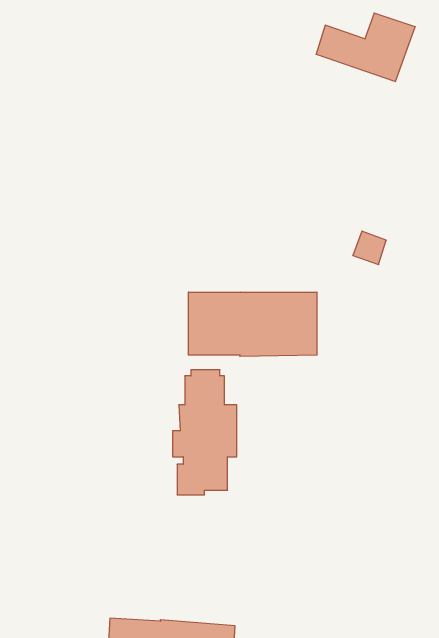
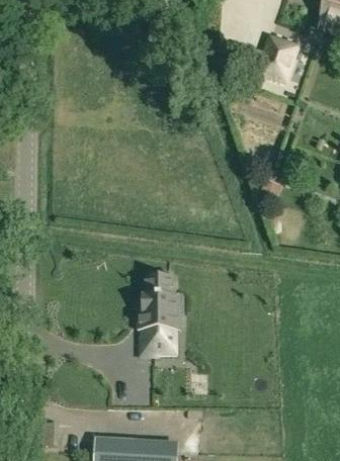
building: [188,292,317,356] -> none

